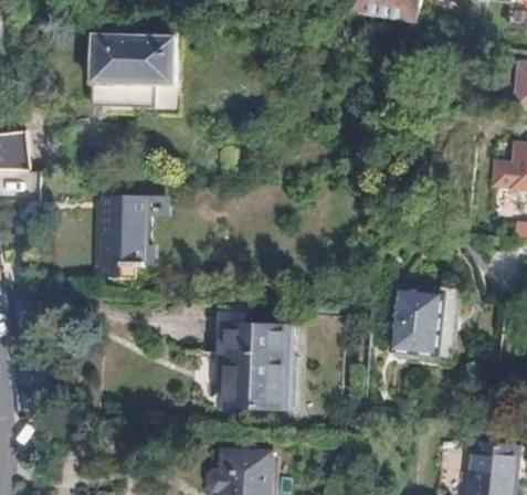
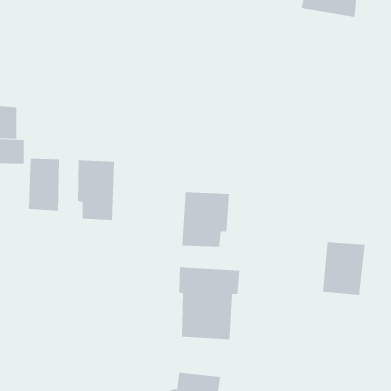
building: [92,31,178,105] -> none
building: none -> [28,158,60,212]
building: none -> [182,192,230,248]

